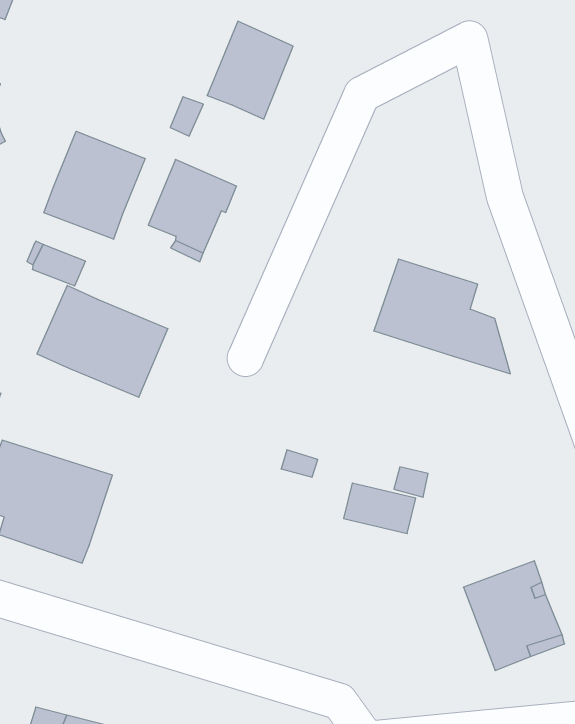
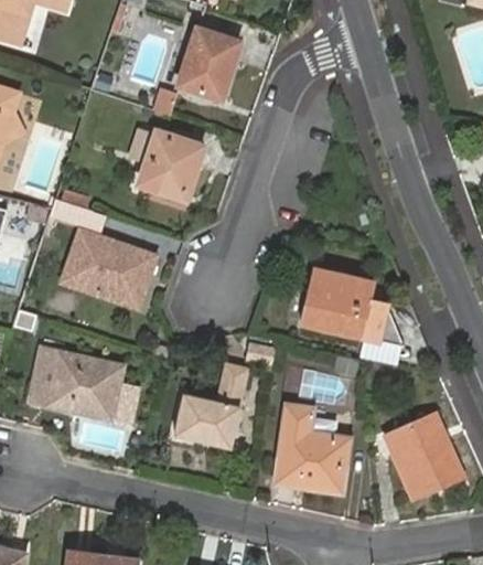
building: [44,131,145,239] -> none
building: [374,259,510,374] -> [304,267,407,345]
building: none -> [173,361,247,448]
building: none -> [278,407,348,491]

